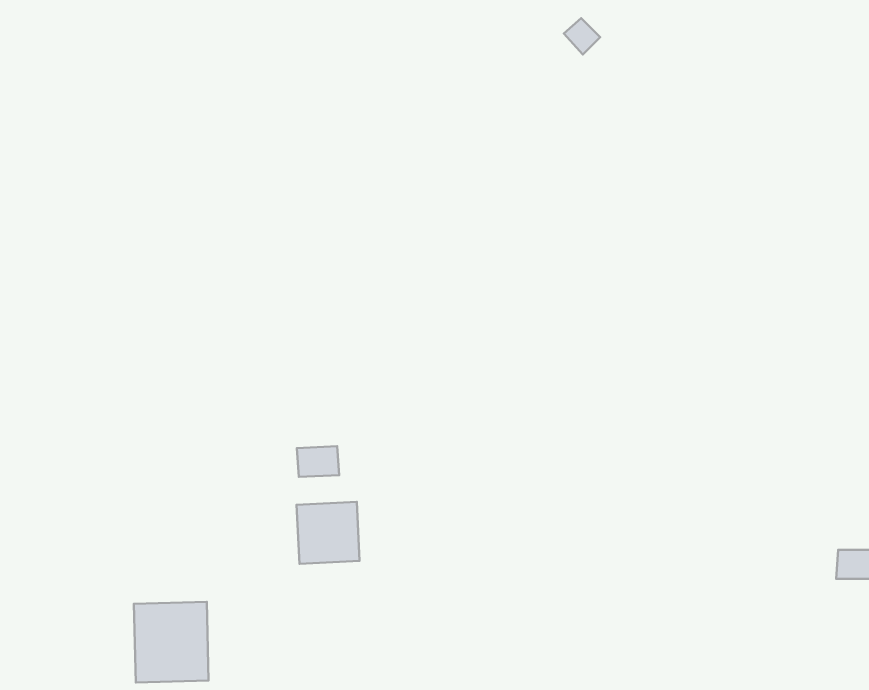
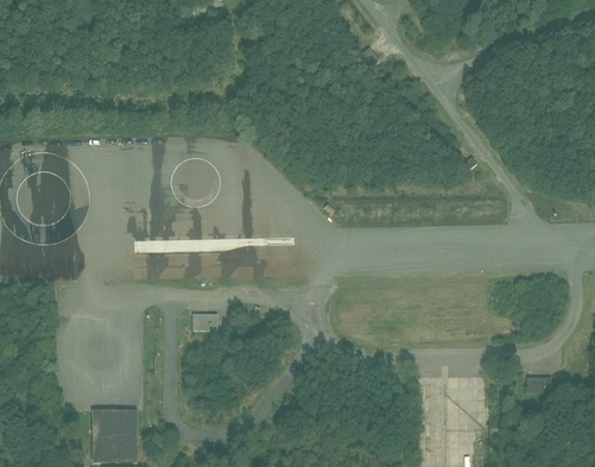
building: [297,502,359,564] -> none

